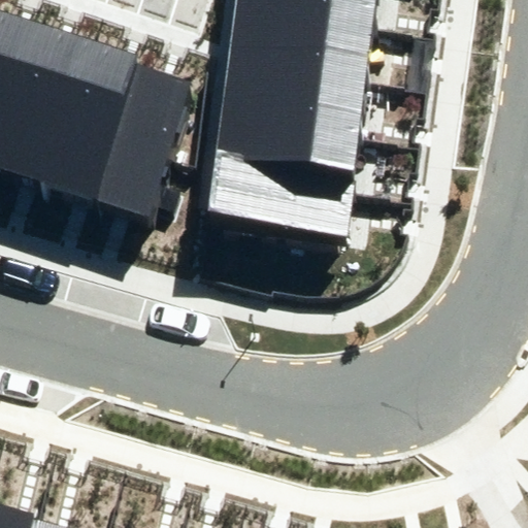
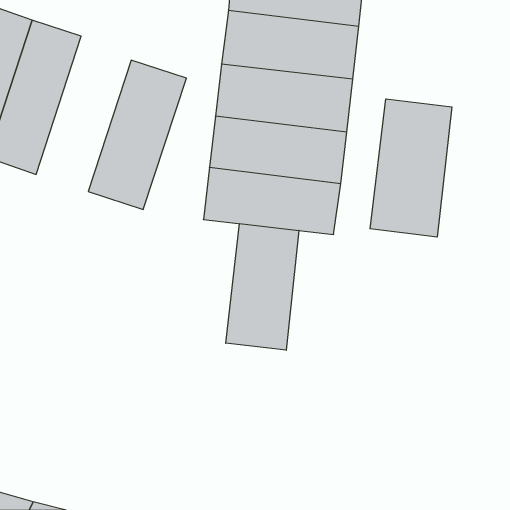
building: [37,37,137,197] -> none
building: none -> [370,99,452,237]
building: none -> [226,224,299,350]

